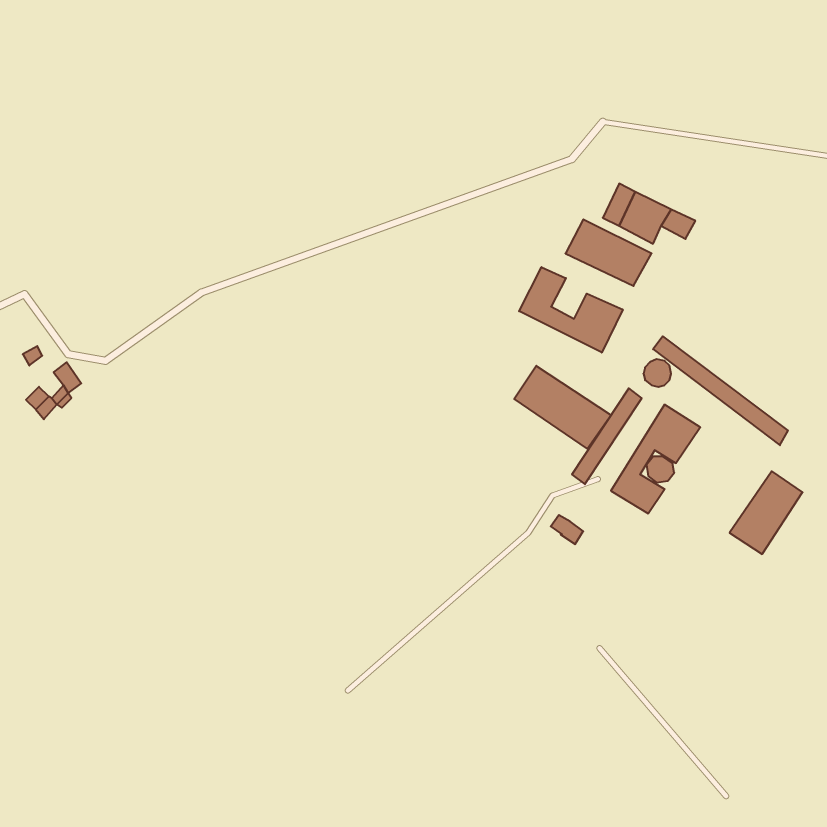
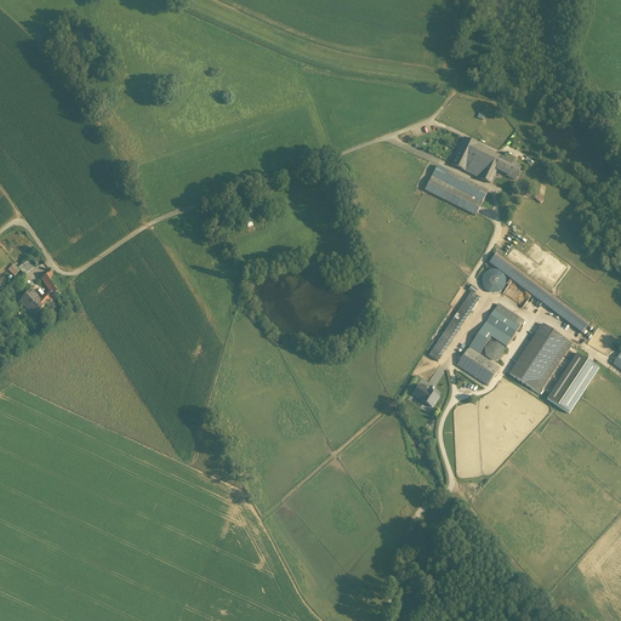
building: [519,267,623,353] -> none
building: [514,366,611,449] -> none
building: none -> [508,323,570,393]

